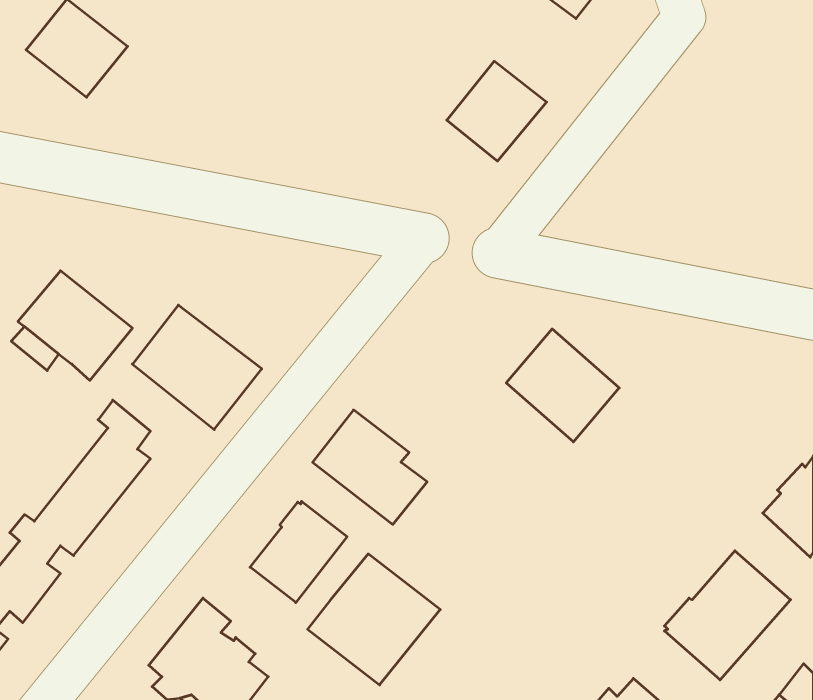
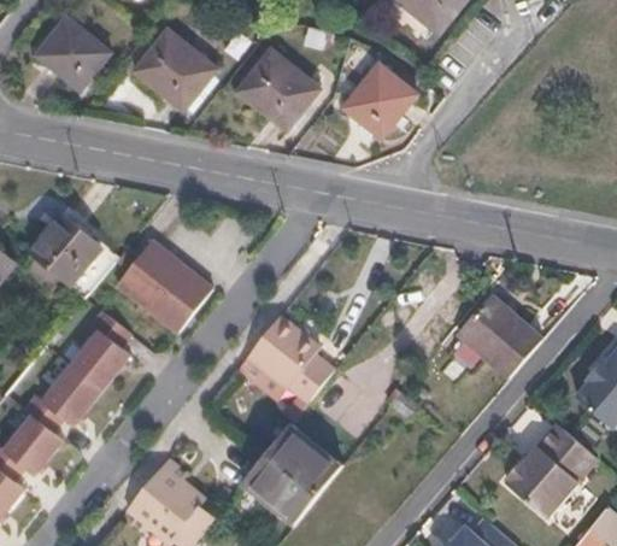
building: none -> [135,30,217,110]
building: none -> [239,49,321,129]
building: [506,329,619,442] -> [459,297,542,380]
building: [250,501,347,603] -> none

